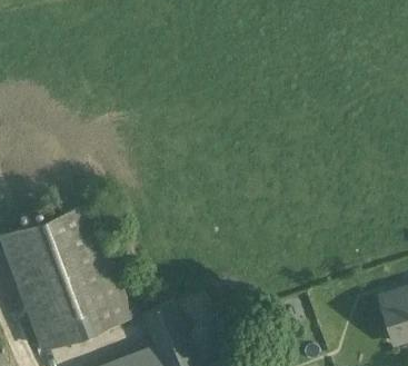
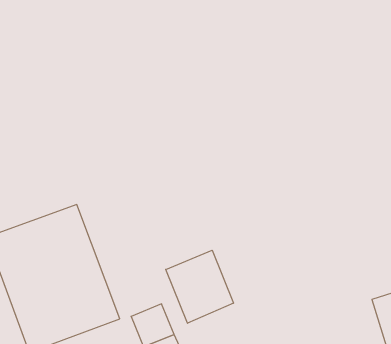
building: none -> [166,250,233,323]

